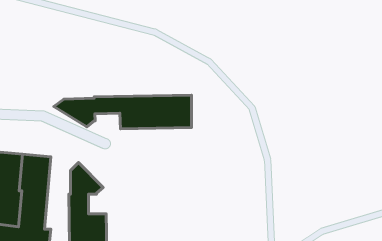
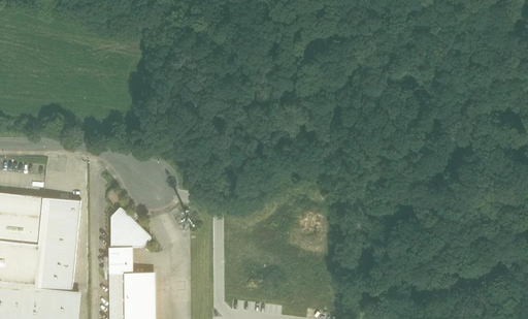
building: [54,95,192,129] -> none

